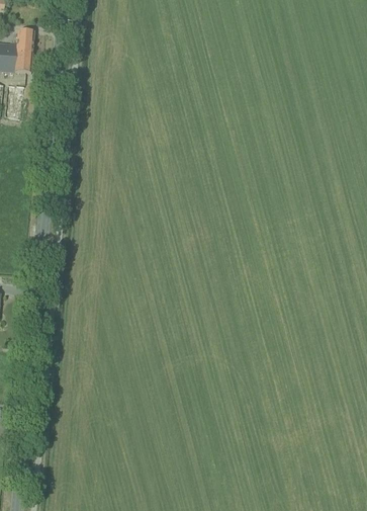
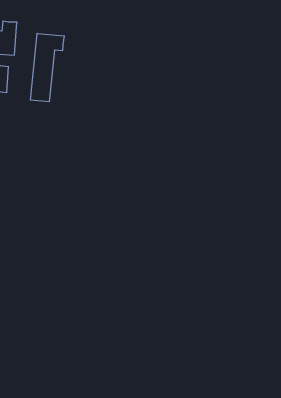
building: none -> [30,33,64,102]

